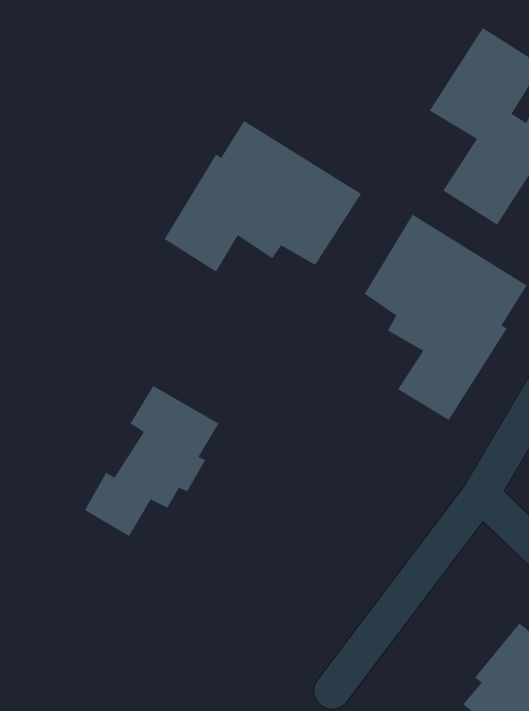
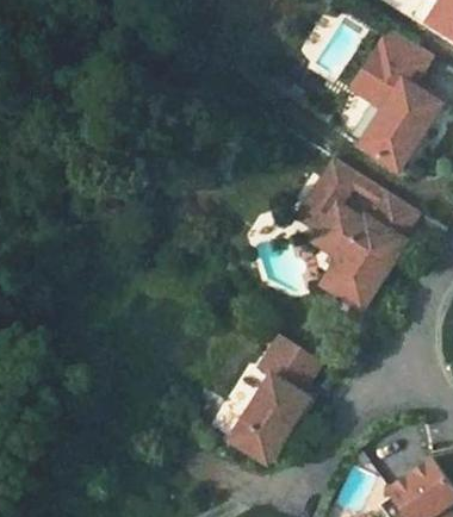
building: [164,120,362,273] -> none
building: [84,385,219,537] -> [227,336,323,444]

